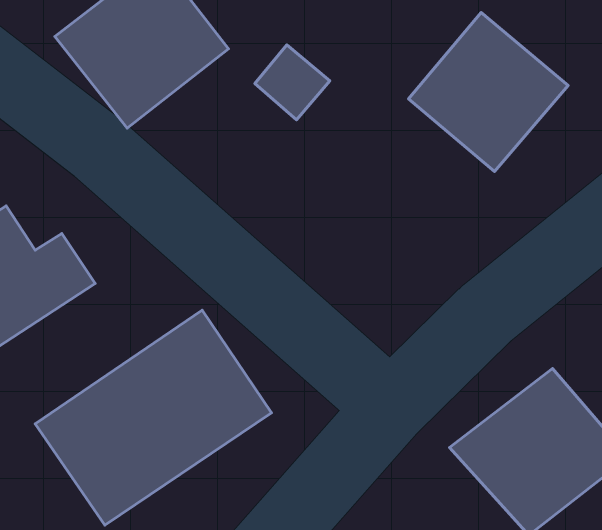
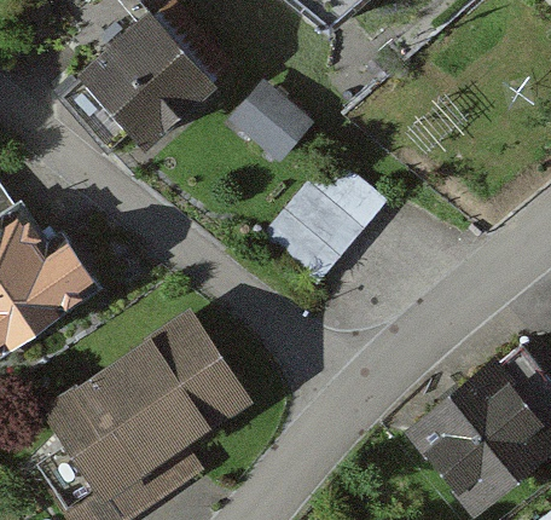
building: [409,13,568,172] -> none
building: none -> [266,151,392,282]

